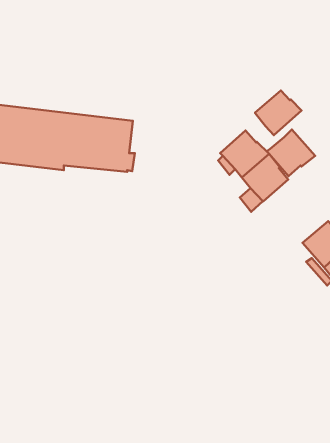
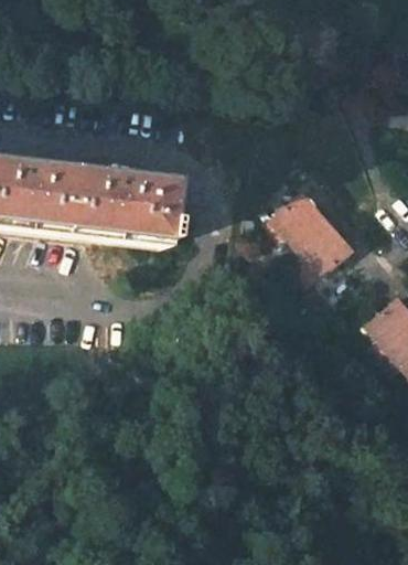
building: [255,90,302,135] -> none
building: [267,130,315,176] -> none

